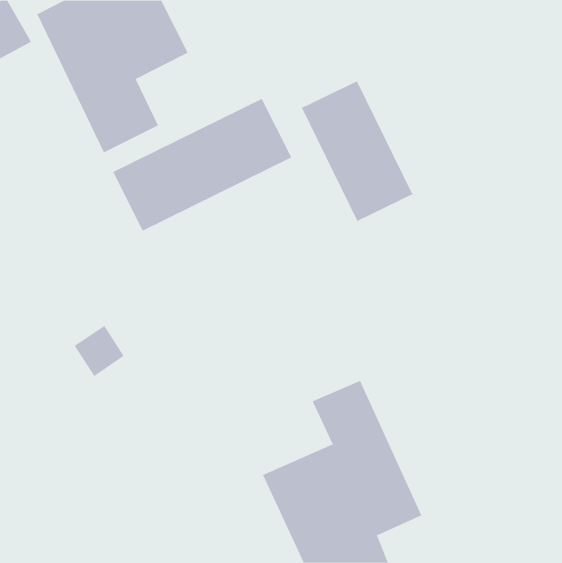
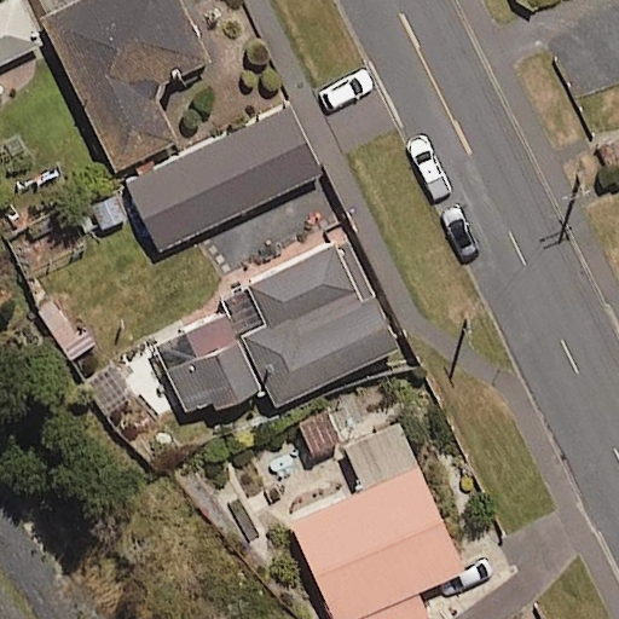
building: [301,80,413,222] -> none
building: none -> [154,238,400,421]

